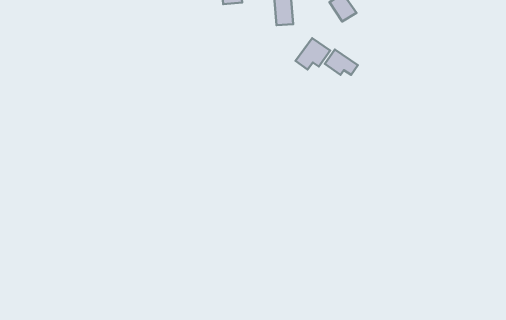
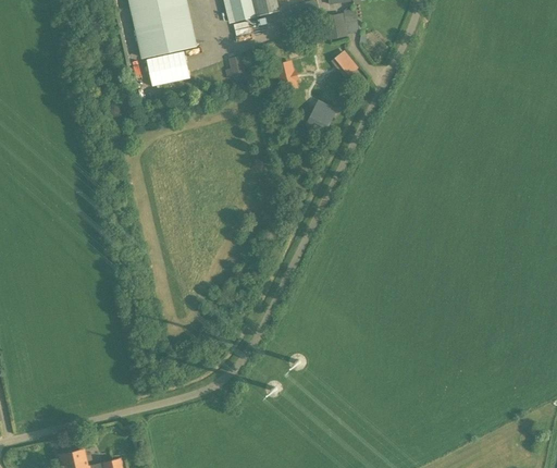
building: [325,50,358,75] -> none

